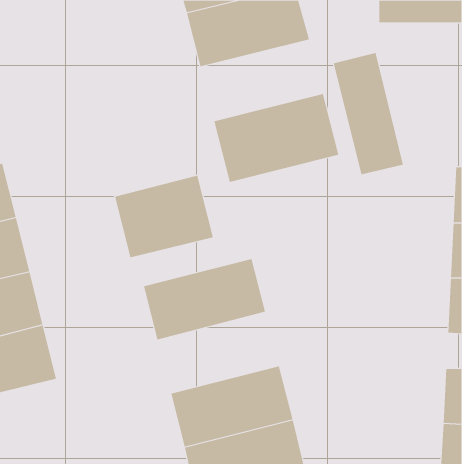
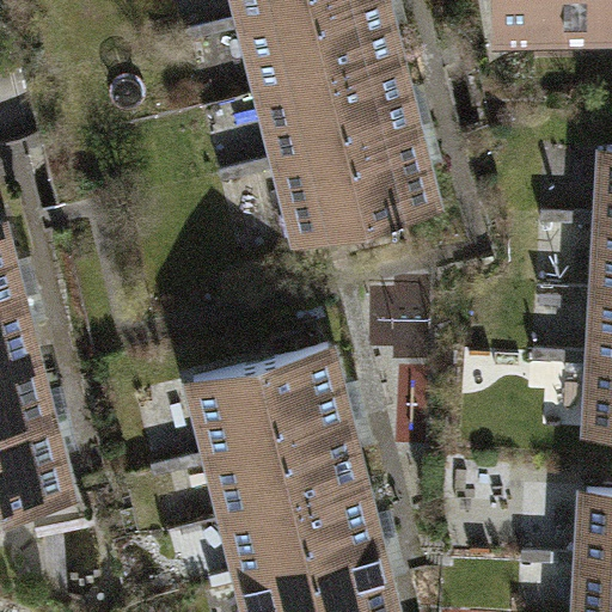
building: none -> [261,57,422,164]
building: [333,52,403,175] -> none
building: [114,175,213,258] -> none
building: none -> [204,412,365,519]

